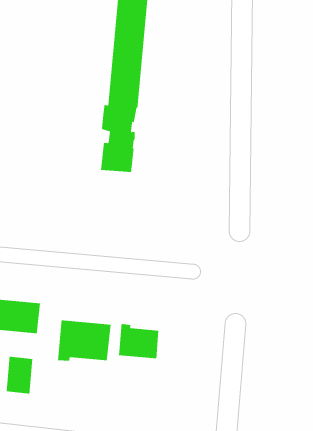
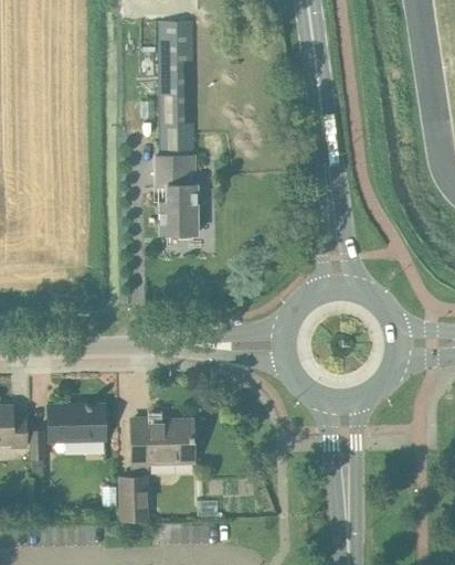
building: [118,323,159,359] -> none
building: [6,356,33,394] -> [118,477,149,520]

